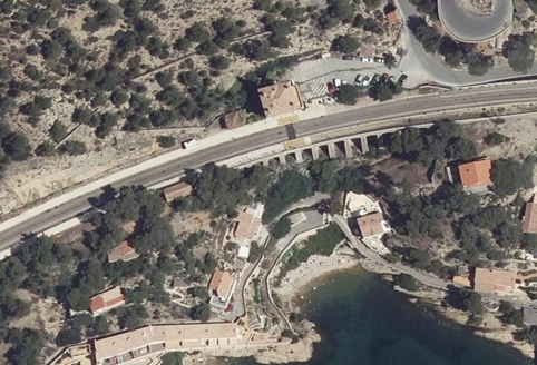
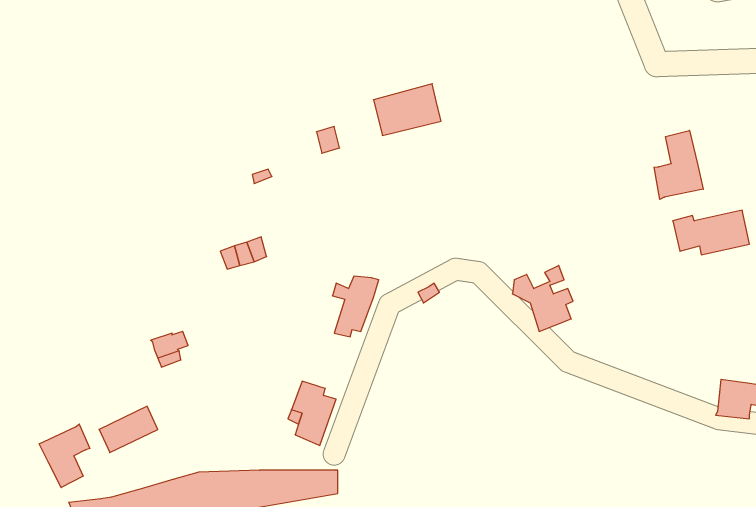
building: none -> [654,130,703,199]
building: none -> [39,424,90,488]

